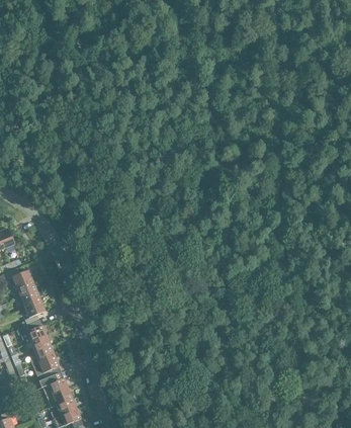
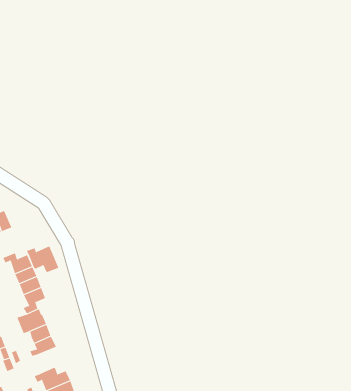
building: none -> [26,246,59,273]
building: [33,355,61,380] -> none

